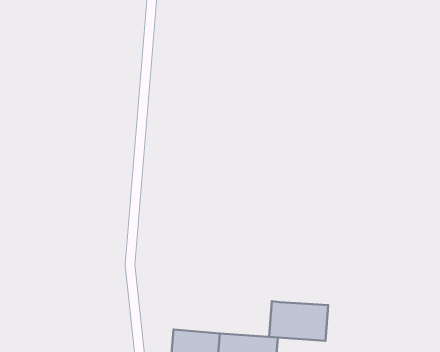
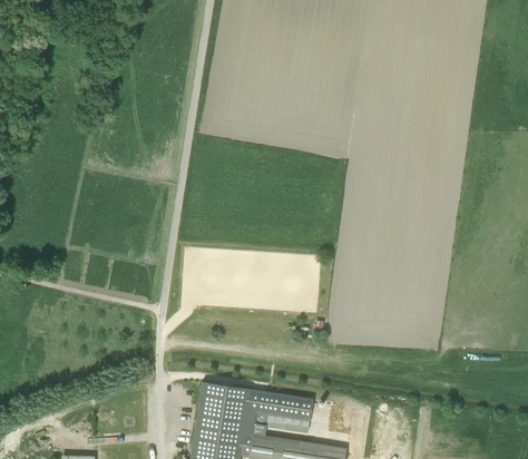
building: [269,301,328,341] -> none

